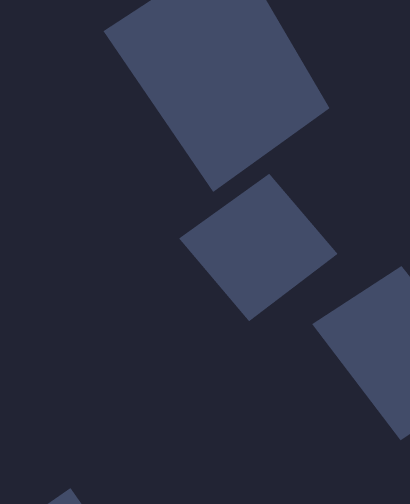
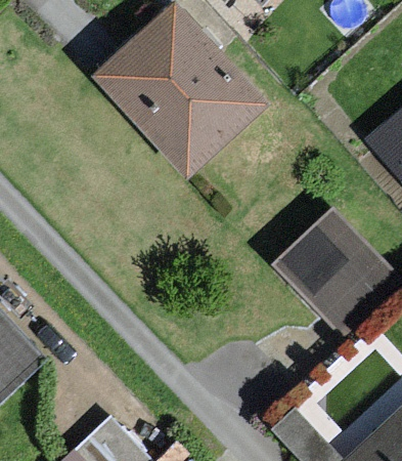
building: [178,173,339,322] -> none

